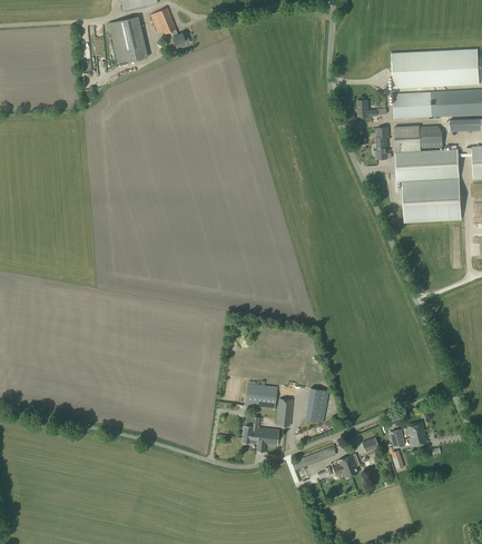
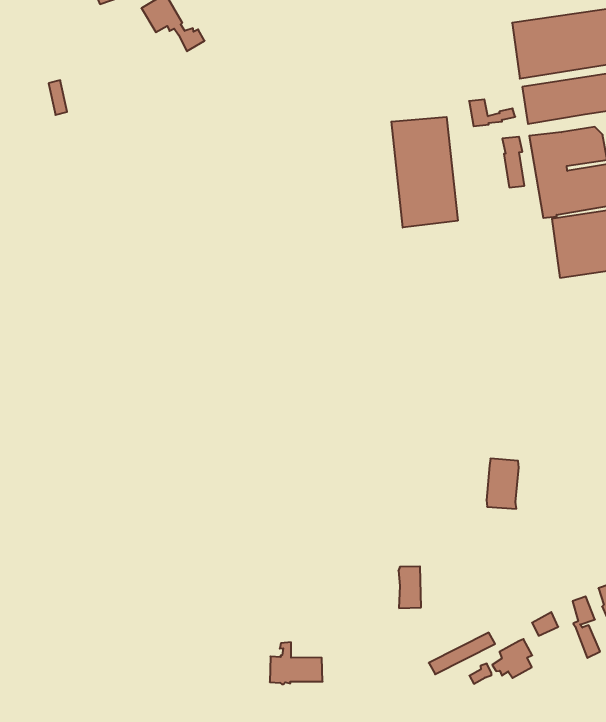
building: [109,16,148,63] -> none
building: none -> [391,117,458,228]
building: [245,383,277,408] -> none
building: [305,387,328,422] -> [486,459,519,509]
building: [243,416,278,444] -> [270,642,323,684]

